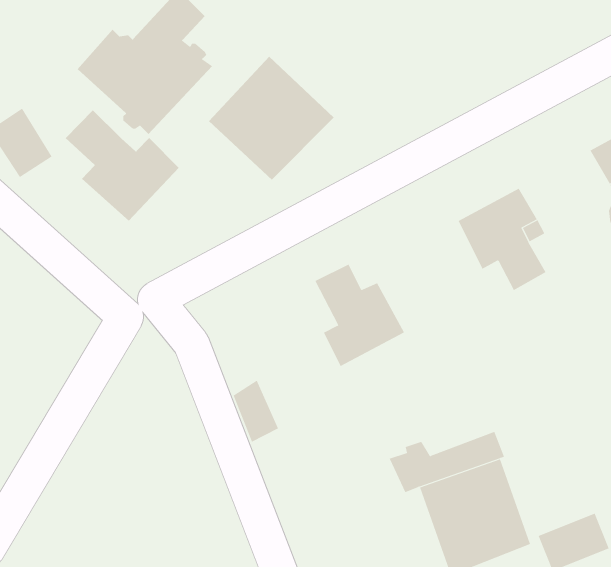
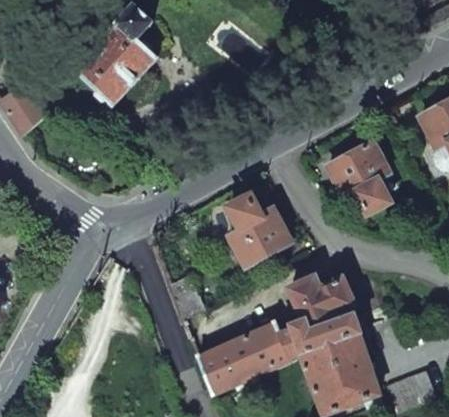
building: [208,56,335,180] -> none
building: [65,110,179,222] -> none
building: none -> [290,277,355,330]
building: none -> [200,321,292,393]

